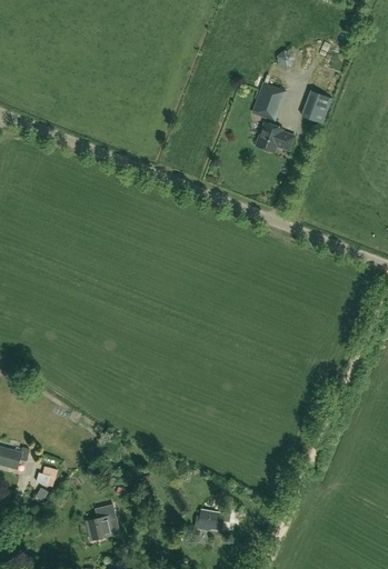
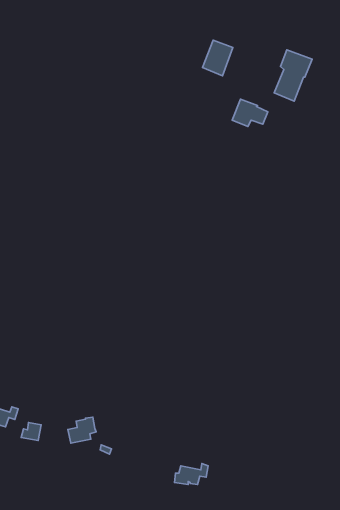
building: [252,83,285,121] -> [203,40,233,76]
building: [87,509,117,537] -> [68,417,96,443]

